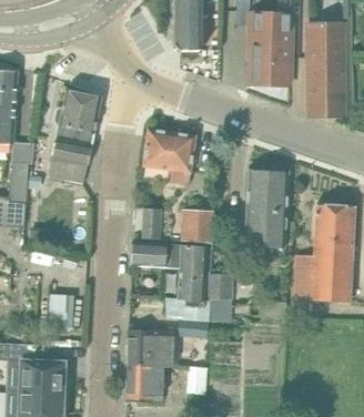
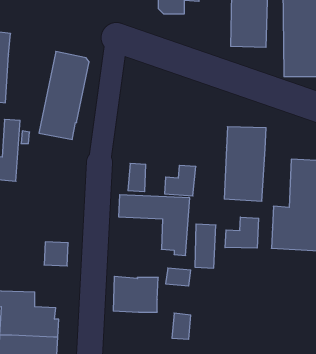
building: [143,129,195,185] -> none
building: none -> [225,217,259,248]
building: [125,365,163,401] -> none

